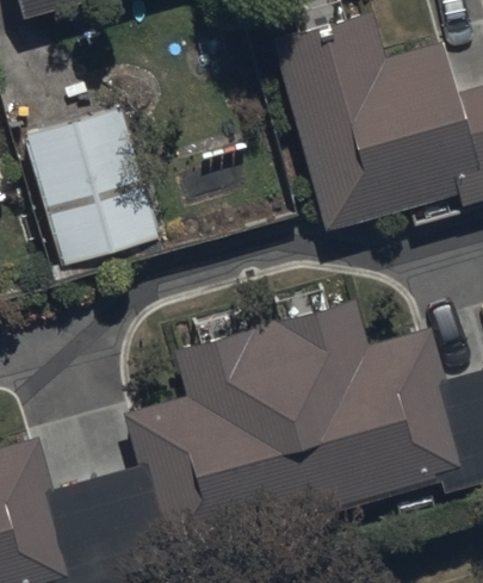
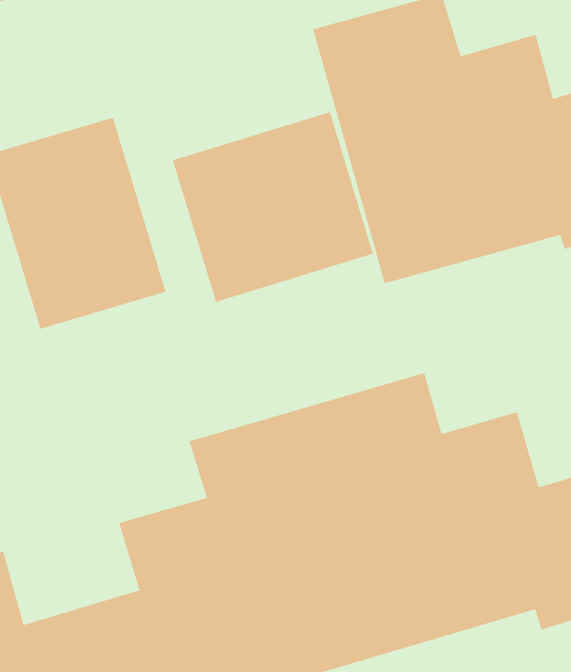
building: none -> [172,111,374,303]

